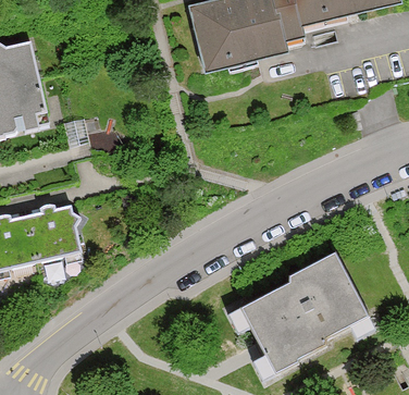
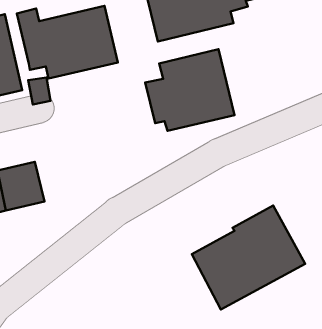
building: none -> [17,6,118,78]
building: none -> [145,49,235,131]

